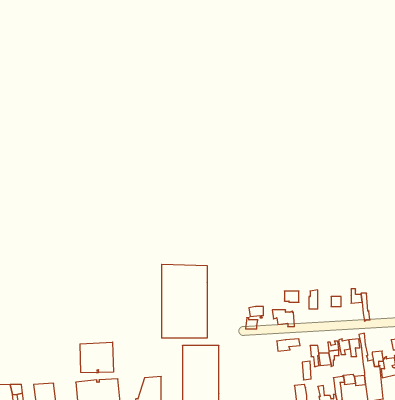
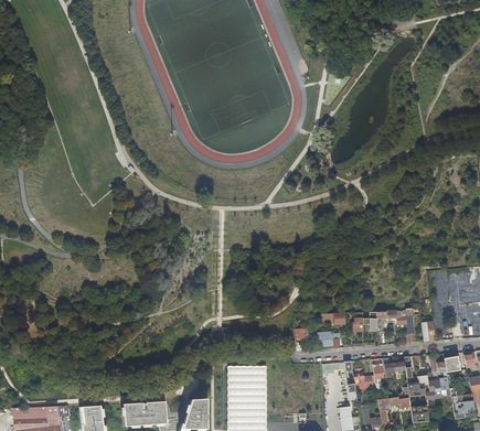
building: [162,264,207,338] -> none
building: [80,342,113,373] -> none

